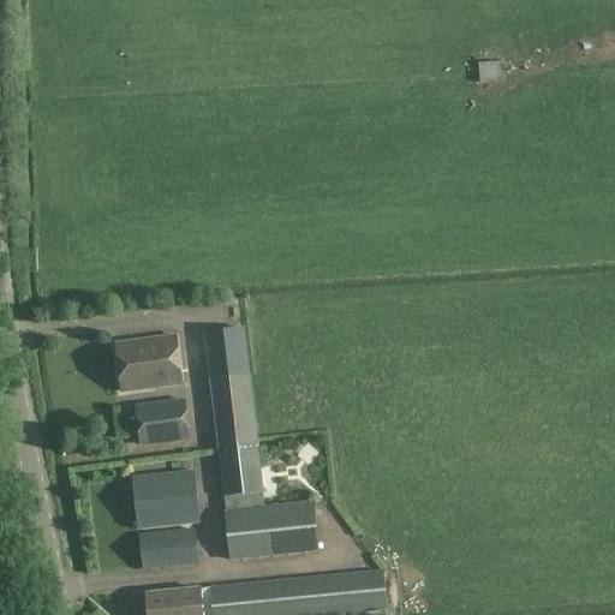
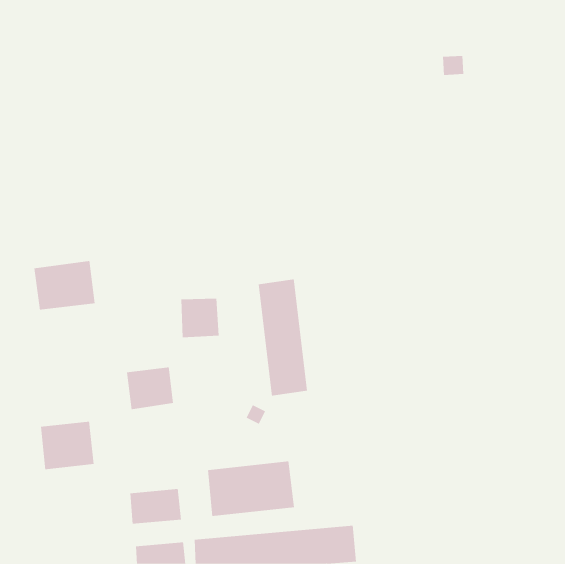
building: [115,334,183,388] -> [34,260,96,310]
building: [209,369,263,496] -> [258,279,308,396]
building: [137,474,196,527] -> [40,421,94,470]

